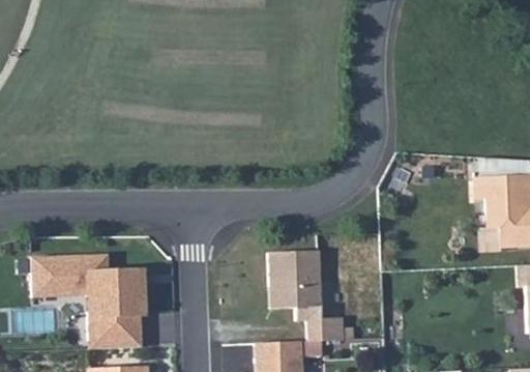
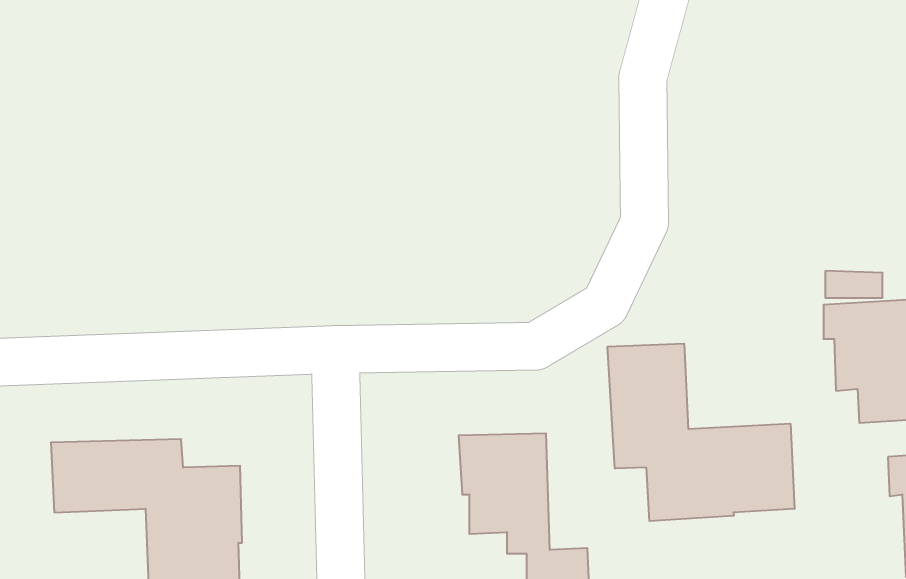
building: none -> [608,344,794,521]

